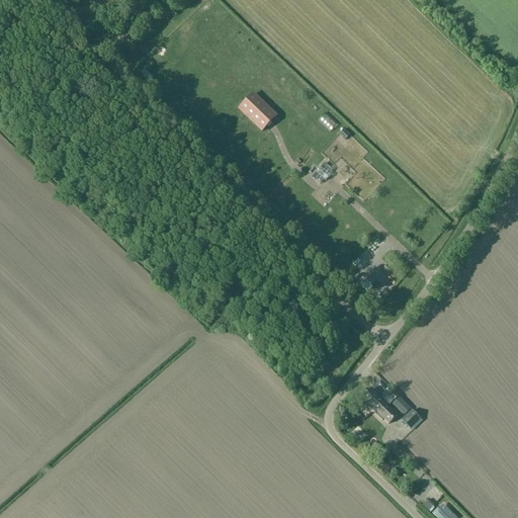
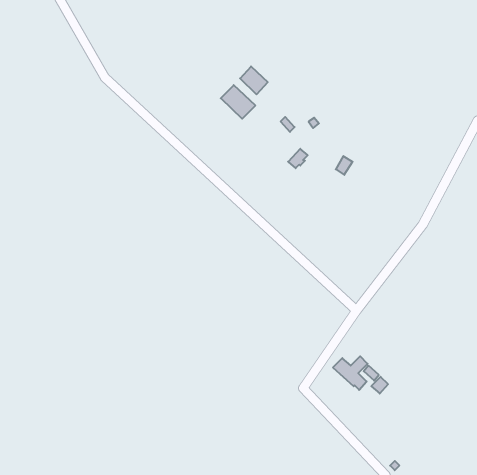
building: none -> [240,66,268,94]

